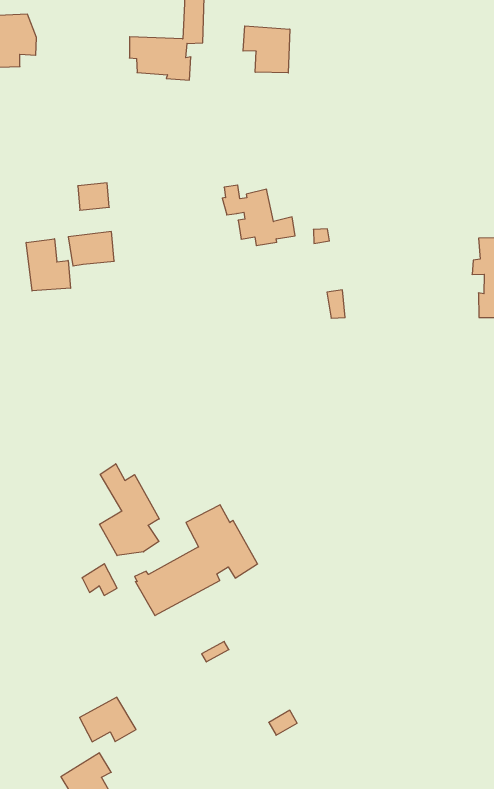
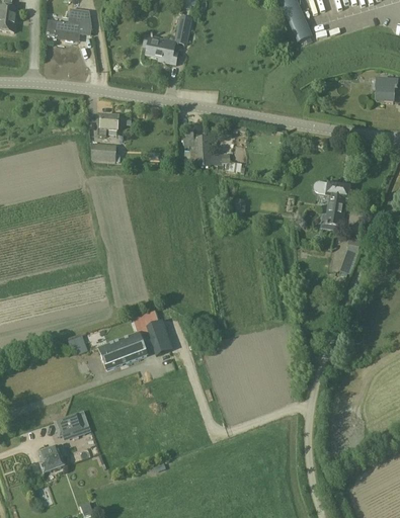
building: [243,26,290,73] -> none
building: [26,239,71,291] -> none
building: [100,464,159,556] -> none

